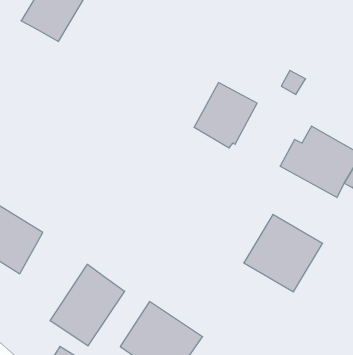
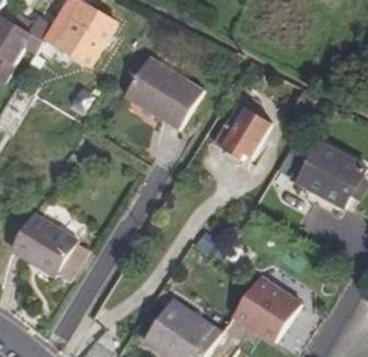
building: none -> [123,57,200,130]
building: [244,214,323,292] -> [231,274,302,344]
building: [50,264,125,346] -> none

